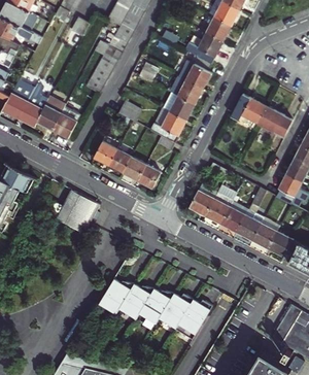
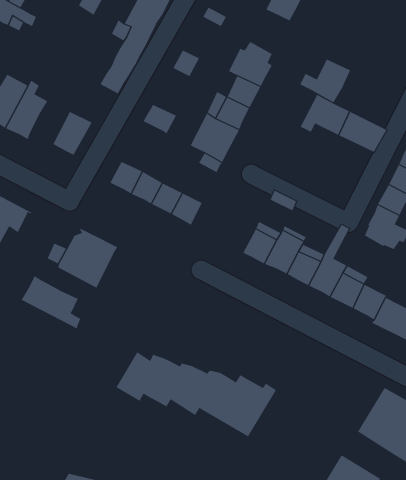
building: [185,33,222,65] -> [299,59,351,103]
building: [36,96,65,130] -> none
building: none -> [21,275,81,329]

